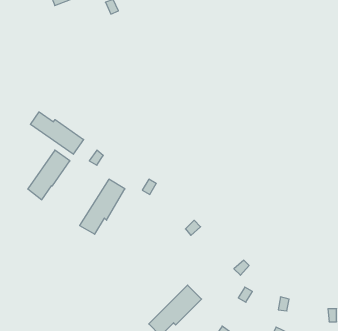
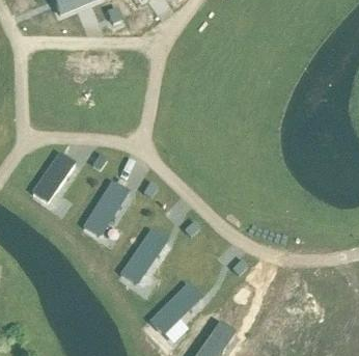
building: [30,112,84,154] -> none
building: none -> [121,228,167,281]

